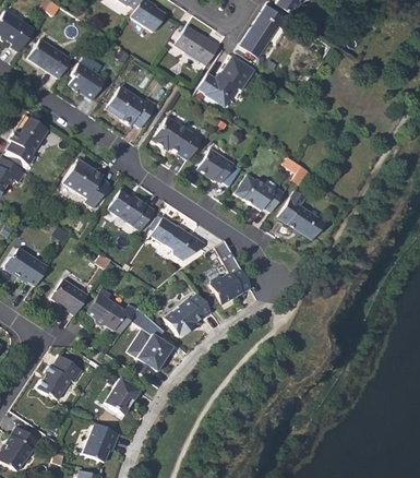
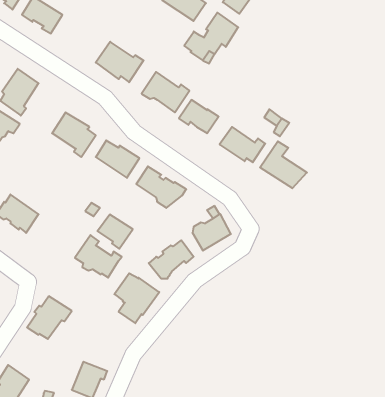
building: [71,61,107,99] -> none
building: [50,280,87,316] -> [97,215,133,249]
building: [103,378,141,415] -> none

